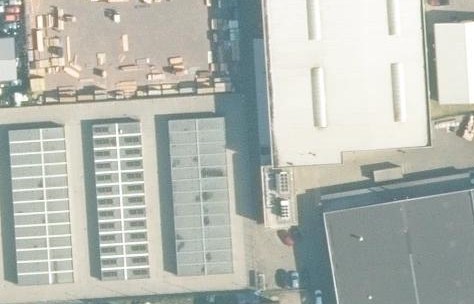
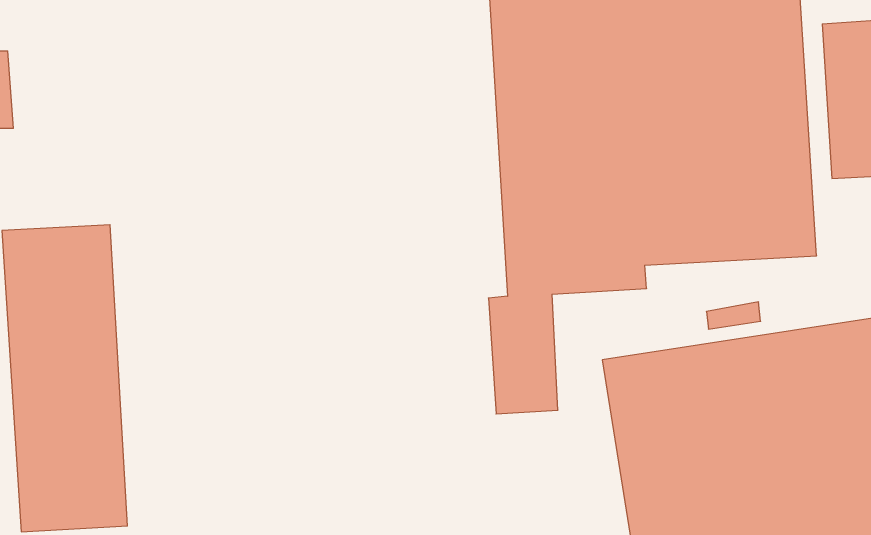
building: [168,118,233,277] -> none
building: [92,123,149,282] -> none

